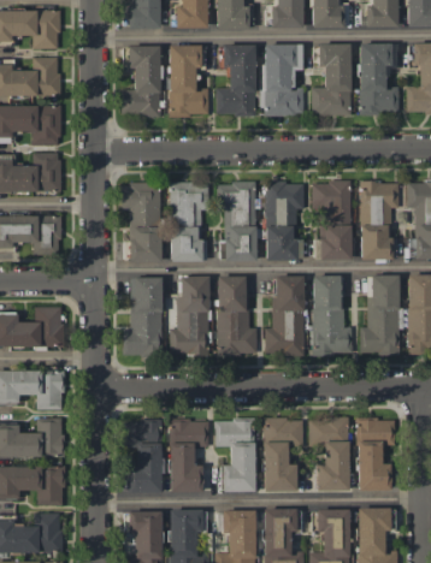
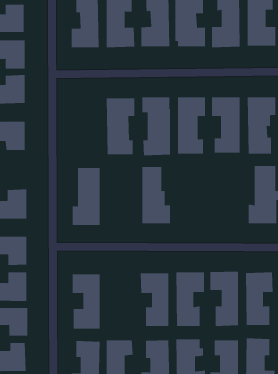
building: [122,183,163,263] -> none
building: [313,275,353,355] -> none
building: [170,277,209,354] -> none
building: [266,277,306,355] -> none
building: [170,420,209,492] -> none

